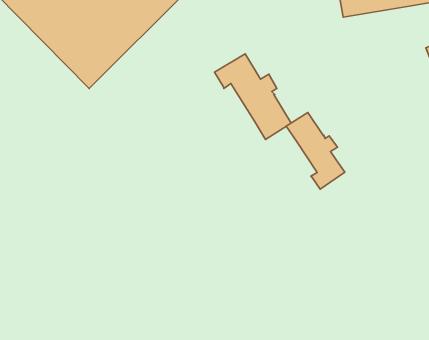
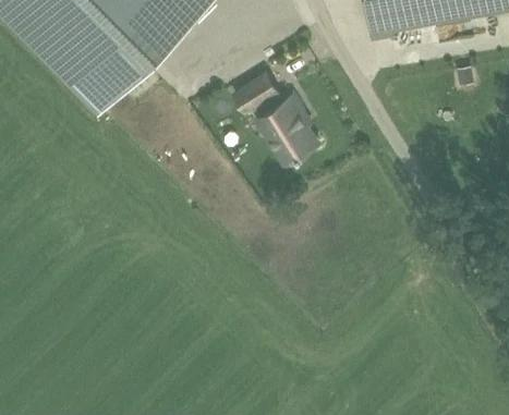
building: none -> [241,101,281,142]
building: [286,112,345,189] -> none

